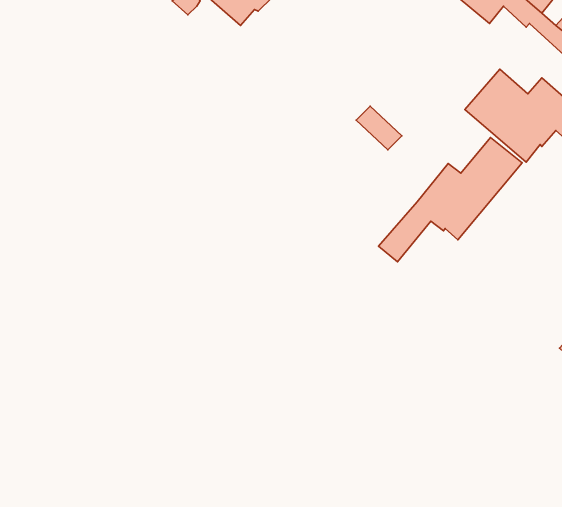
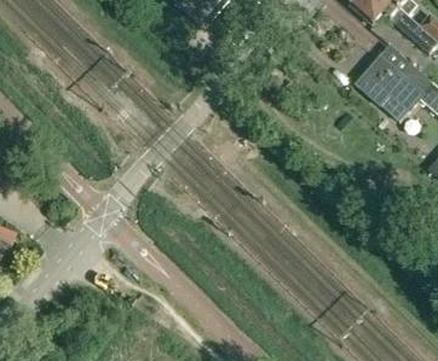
building: [379,137,522,262] -> none

